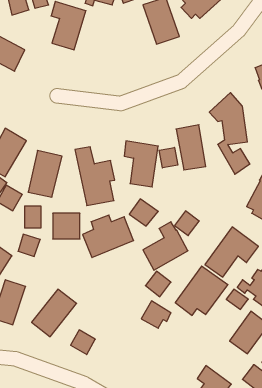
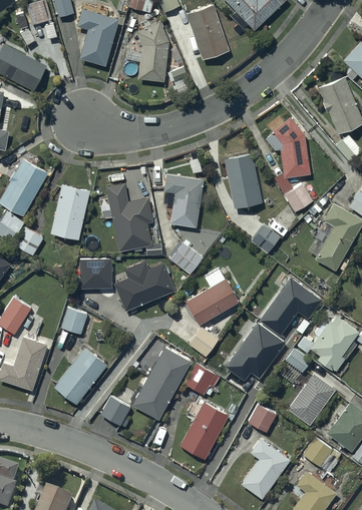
building: none -> [136,21,169,82]
building: [159,147,178,168] -> none
building: [25,206,41,228] -> none
building: [175,211,199,236] -> [251,224,280,253]
building: [18,234,40,256] -> [61,308,87,334]
building: none -> [132,347,191,420]
building: none -> [179,402,229,459]
building: none -> [247,405,275,432]

